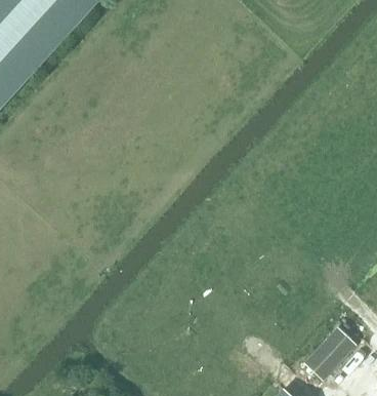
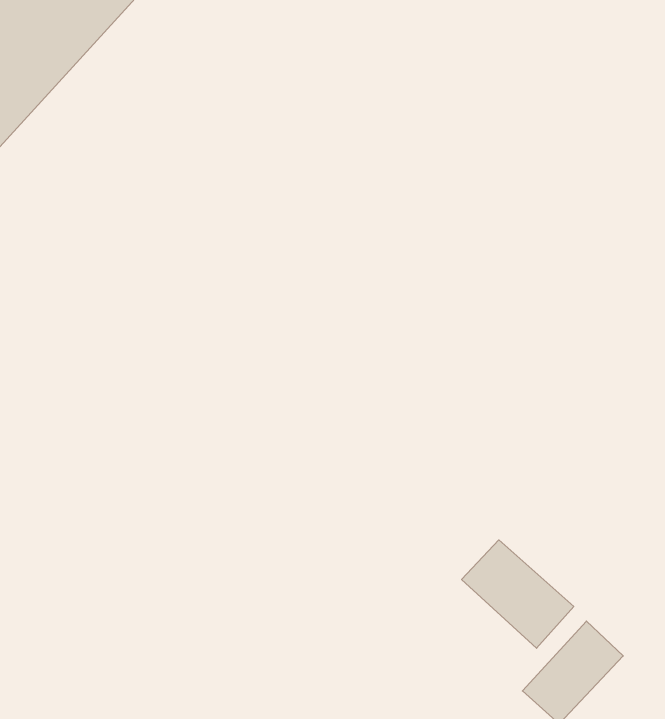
building: none -> [462,540,574,648]

